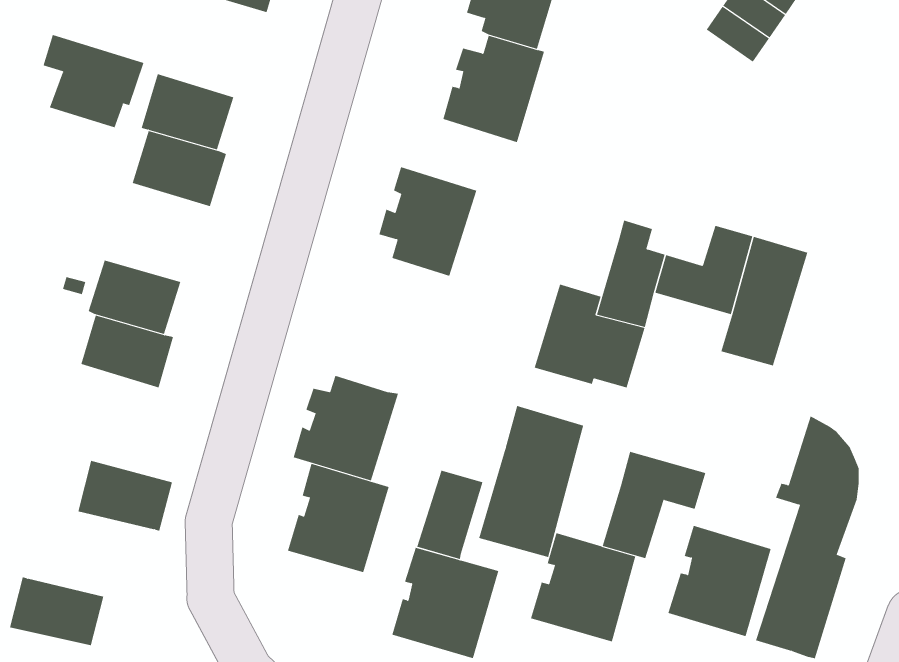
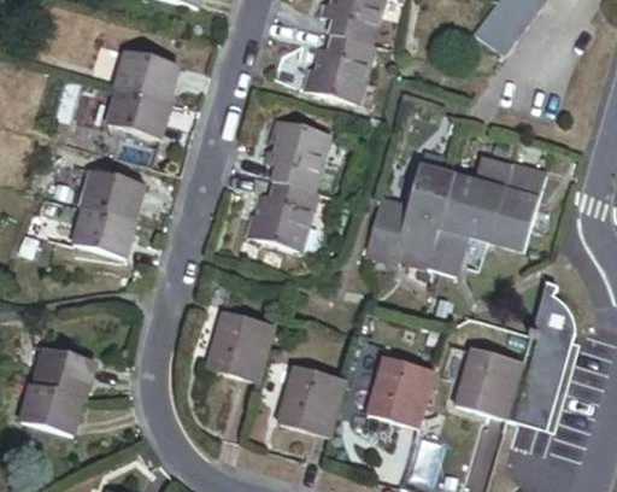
building: [43,34,144,128] -> none
building: [293,375,399,481] -> [249,175,319,245]
building: [478,405,584,558] -> none
building: [602,451,706,559] -> [429,197,498,268]
building: [78,460,173,532] -> [34,351,96,398]
building: [416,470,483,560] -> none

